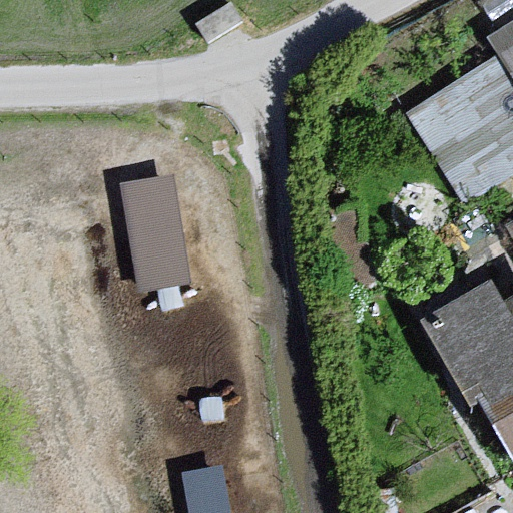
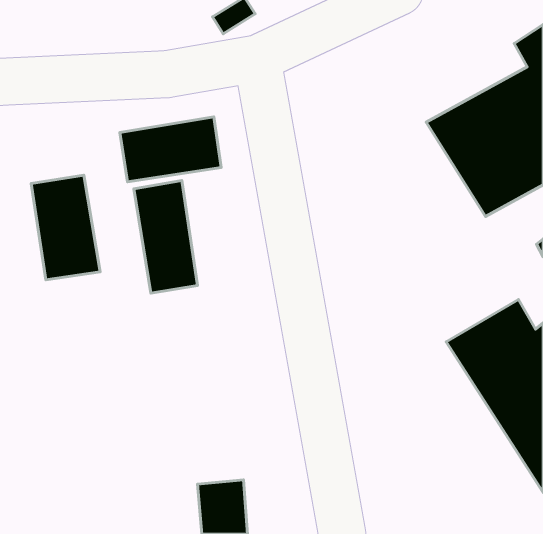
building: none -> [120,117,221,182]
building: none -> [31,175,100,280]

